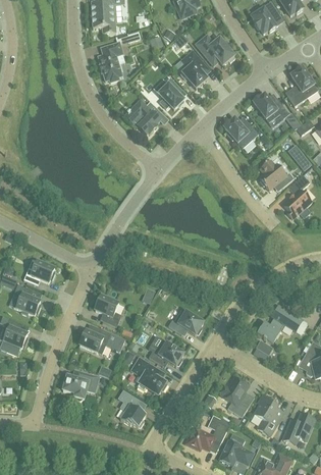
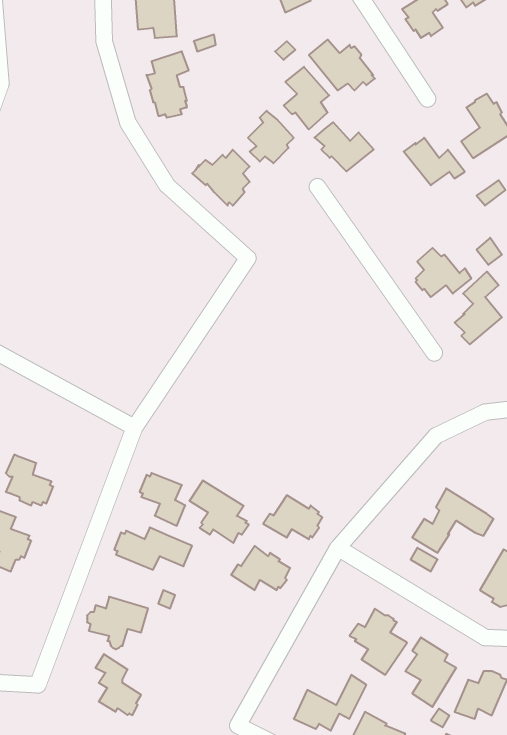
building: [222,117,258,147] -> [314,122,374,171]
building: [22,258,55,283] -> none
building: [130,357,166,394] -> [189,480,249,543]
building: [117,389,145,426] -> [95,654,141,715]

